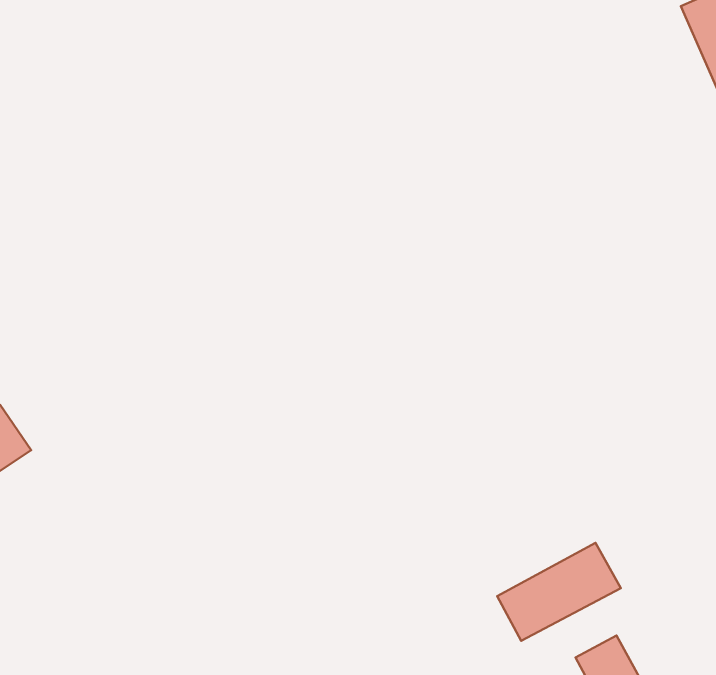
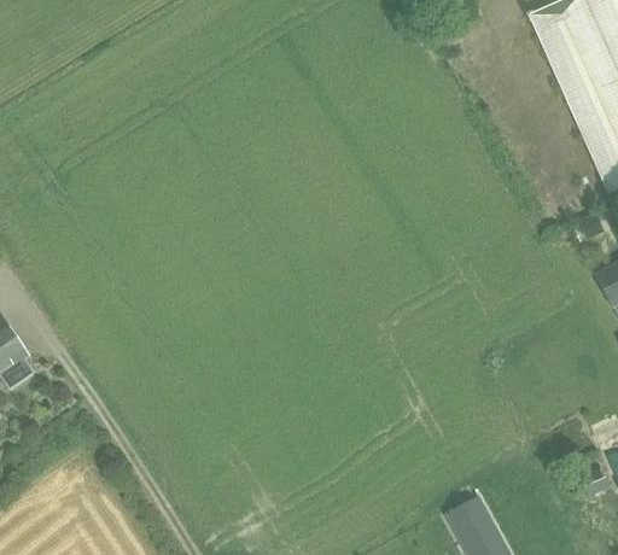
building: [497,543,621,641] -> none

